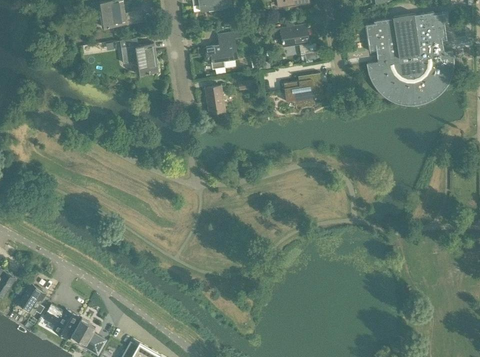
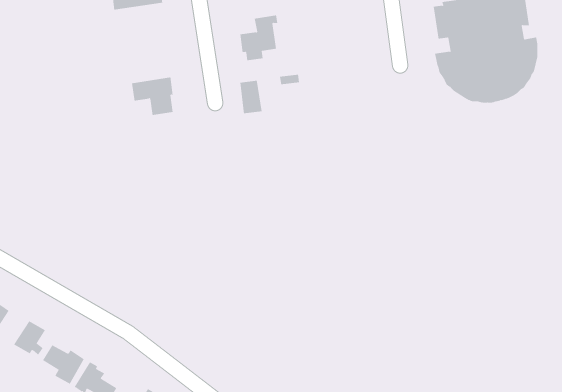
building: [272,24,318,60] -> none
building: [121,44,156,76] -> [131,77,174,116]
building: [283,73,324,102] -> none

